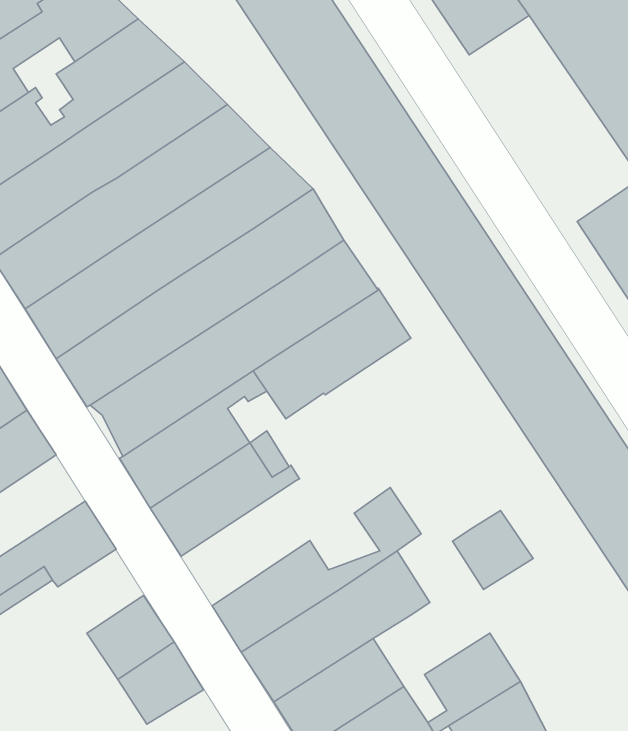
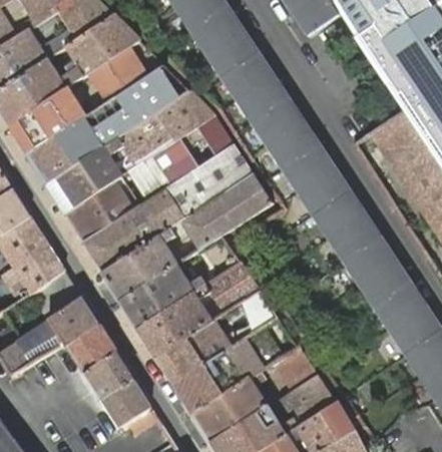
building: none -> [139,263,262,359]
building: [453,510,533,589] -> [273,347,320,393]
building: none -> [67,326,117,375]

